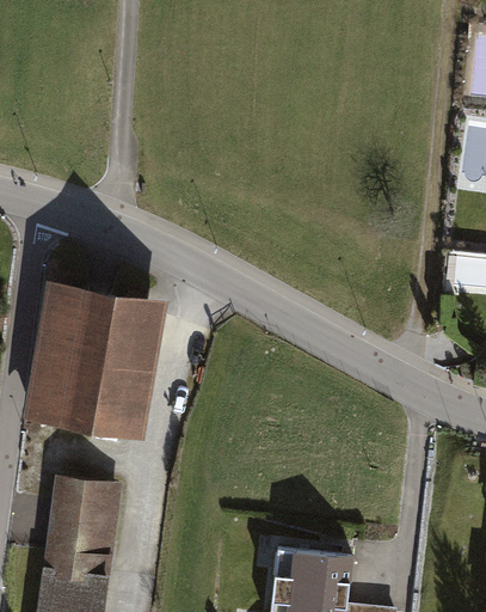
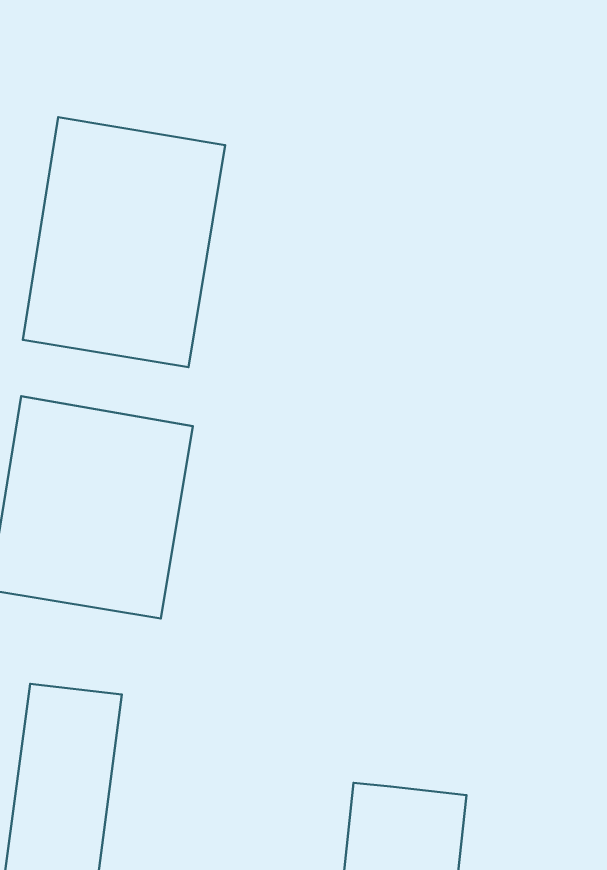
building: none -> [23,117,225,367]

